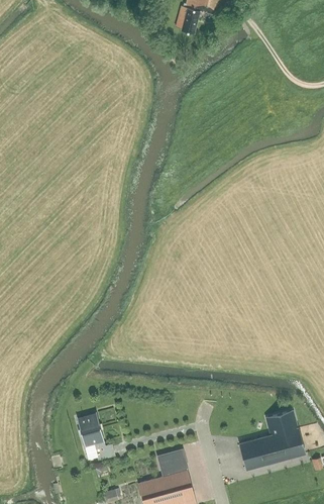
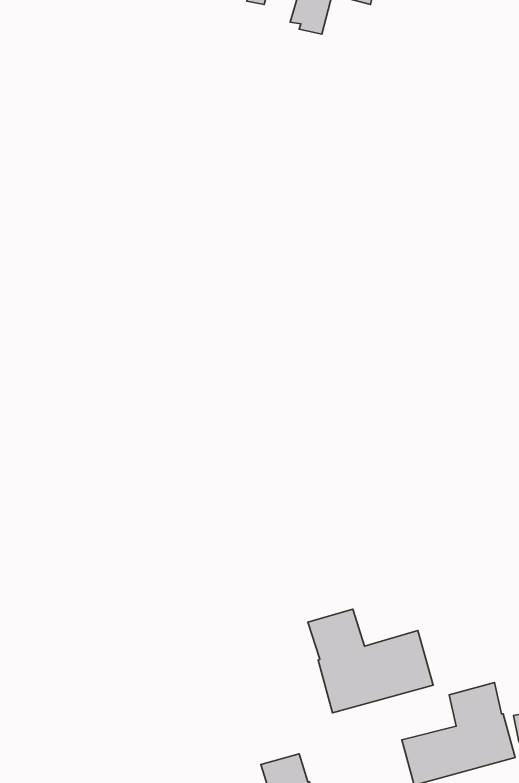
building: none -> [308,609,433,713]
building: [76,413,113,459] -> none

